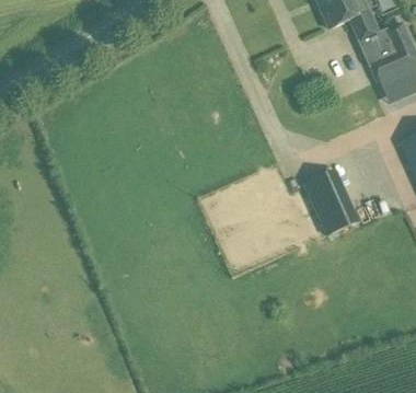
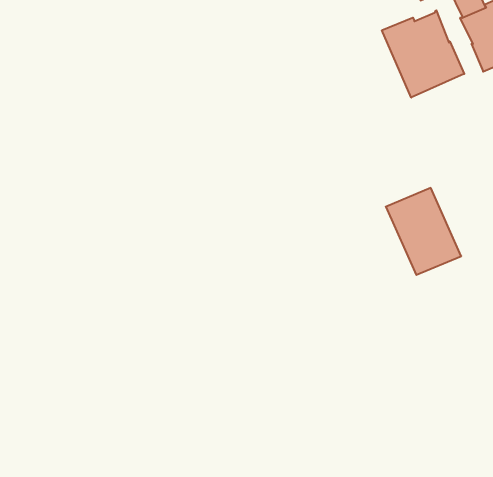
building: none -> [382,10,464,98]

